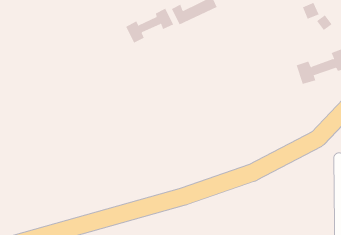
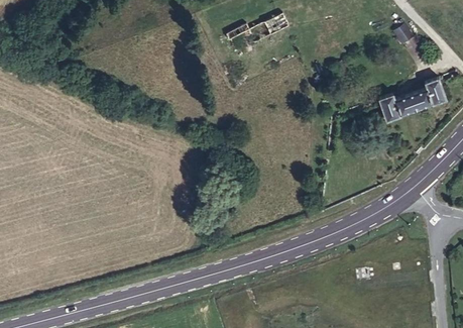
building: [126,8,174,44] -> none

